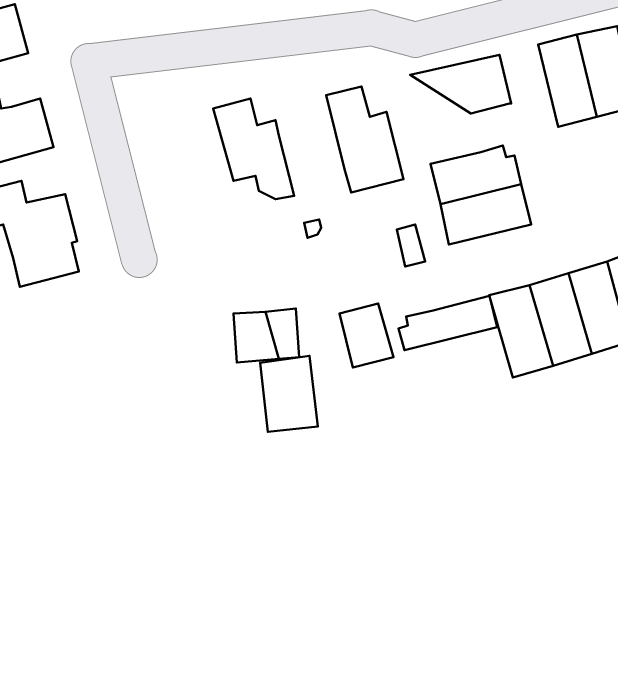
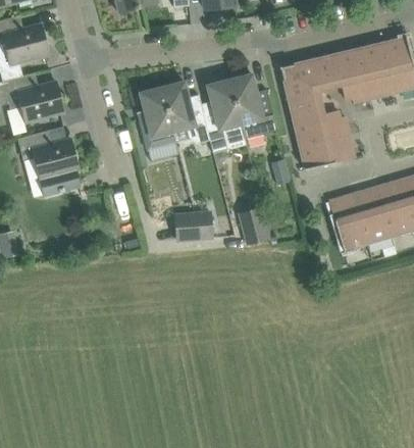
building: none -> [334,48,370,102]
building: none -> [280,66,323,120]
building: none -> [201,79,241,152]
building: none -> [138,87,178,160]
building: [398,296,497,350] -> none
building: [260,356,318,432] -> none

